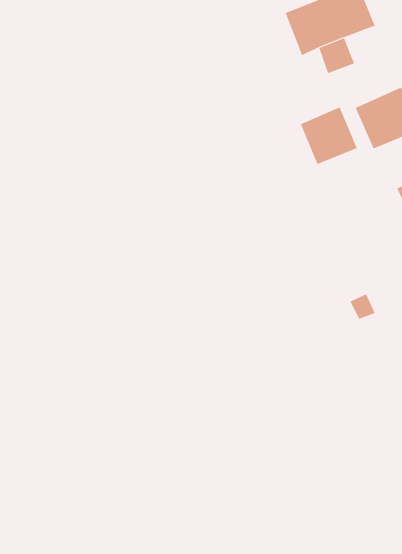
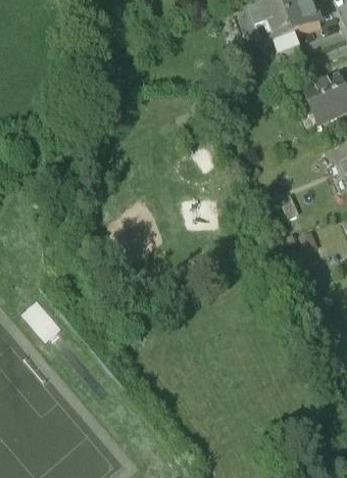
building: [300,107,358,165] -> none

